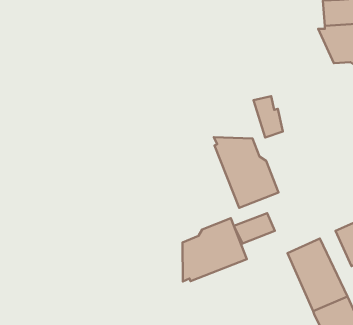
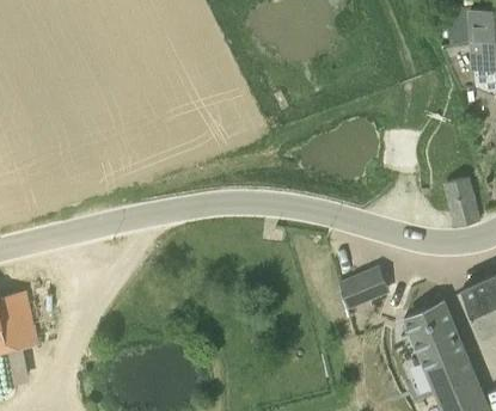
building: [253,96,283,137] -> [441,179,477,229]
building: [214,137,279,208] -> none
building: [182,218,247,282] -> none

